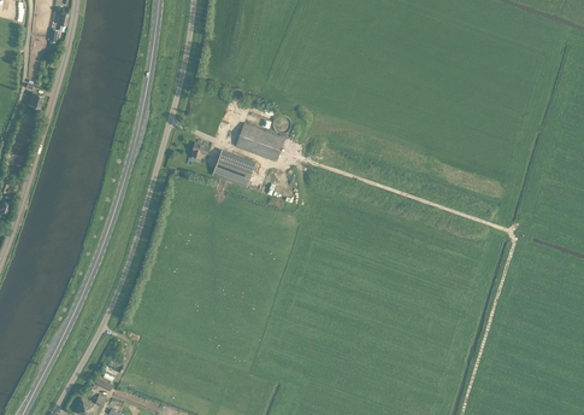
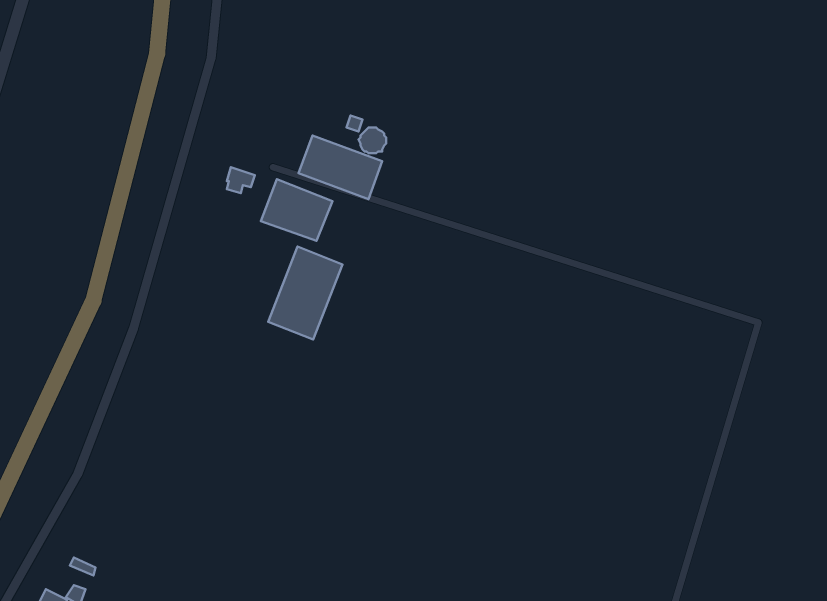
building: none -> [268,247,343,340]

